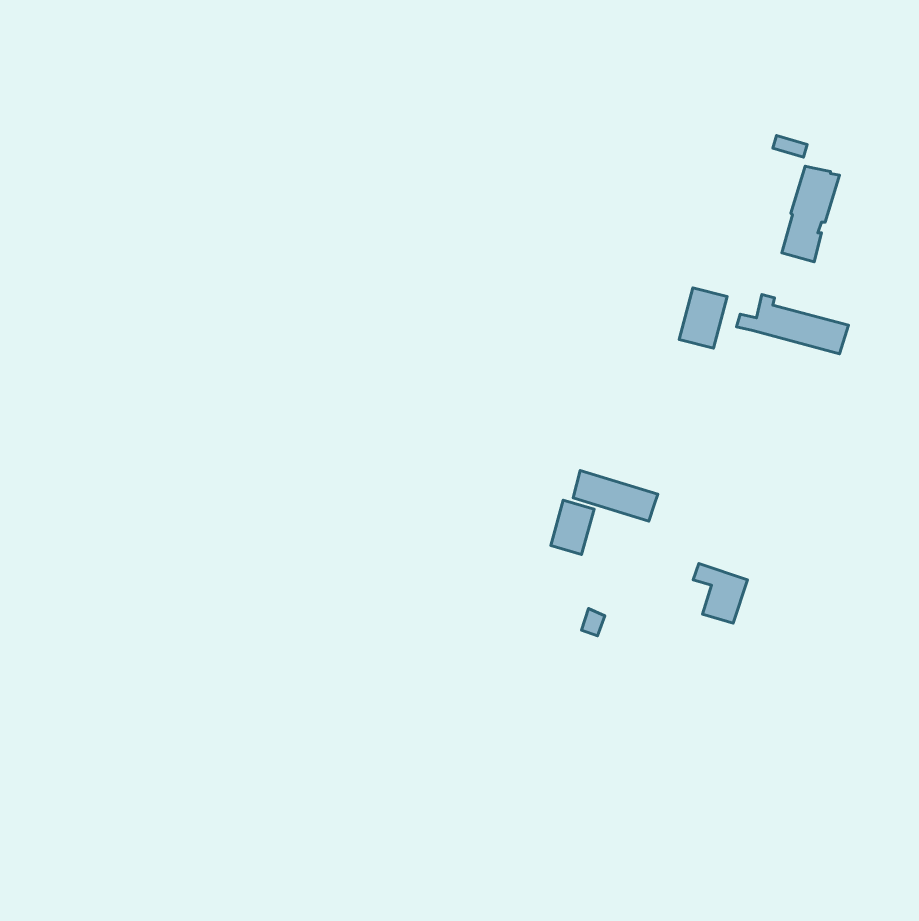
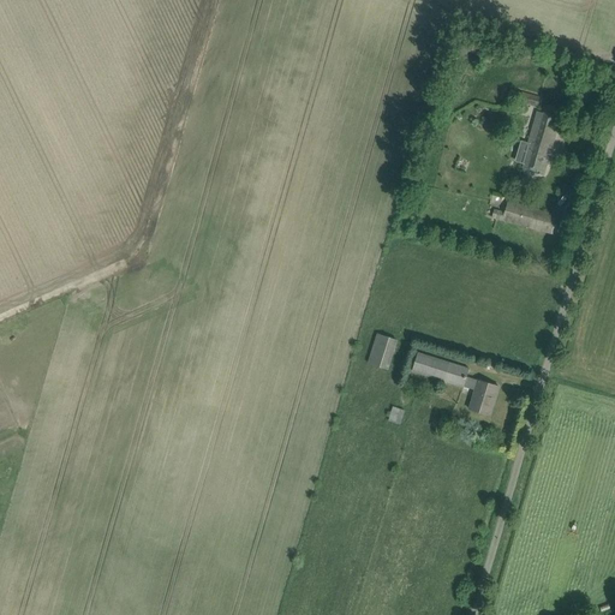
building: [679,288,727,348] -> none
building: [573,471,658,521] -> [411,352,467,386]

